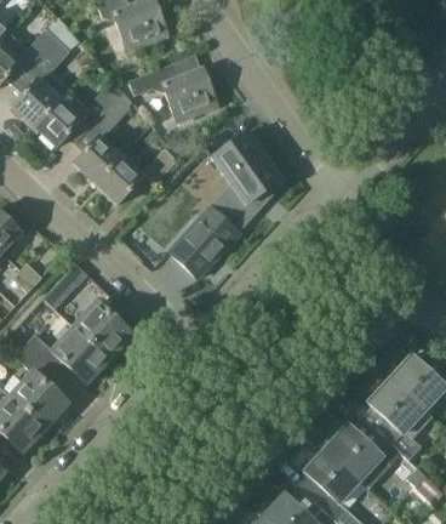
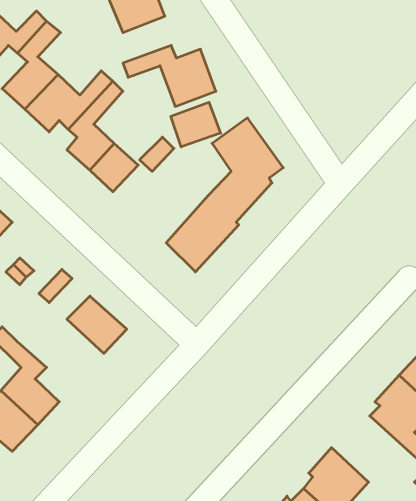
building: none -> [171,102,221,147]
building: [27,324,109,382] -> none
building: [326,416,401,479] -> none

